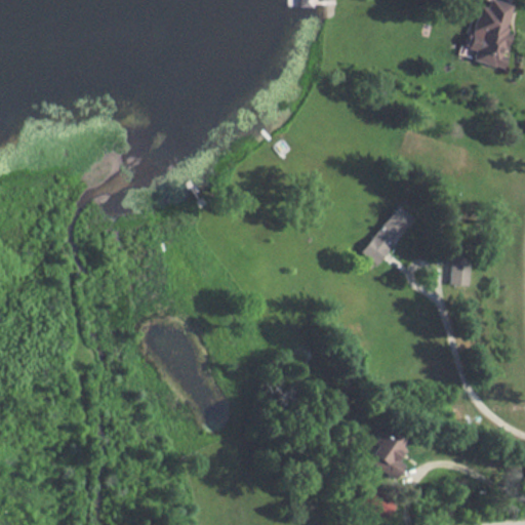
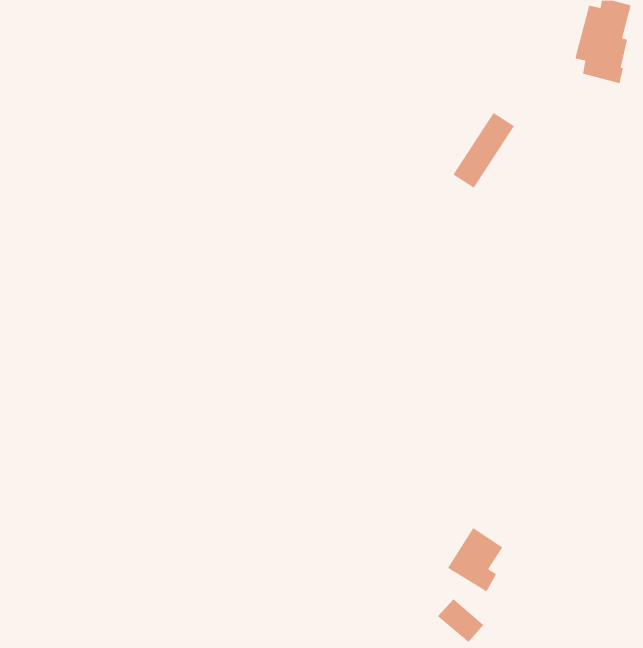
building: [364,204,414,266] -> [452,112,515,189]
building: [452,258,471,285] -> none

